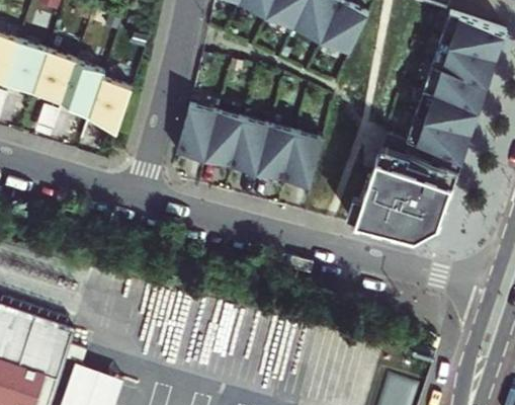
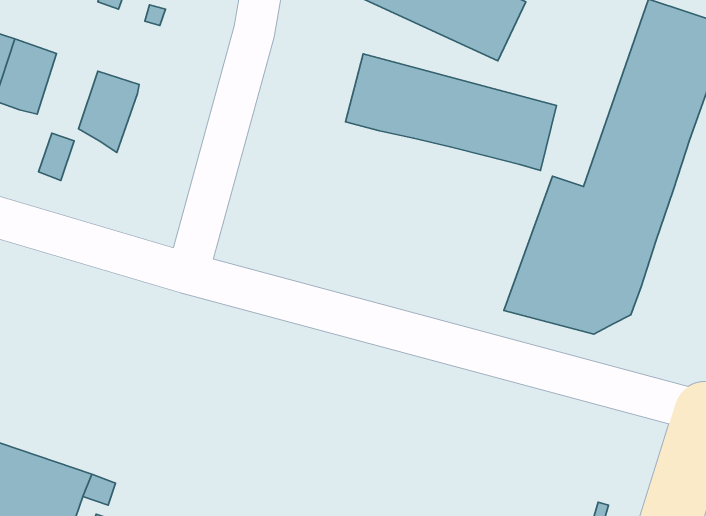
building: [32,51,75,102] -> none
building: [87,78,131,135] -> none
building: [176,105,321,185] -> [345,54,557,171]

